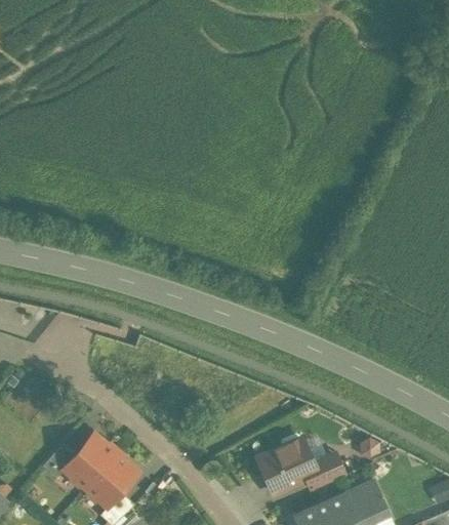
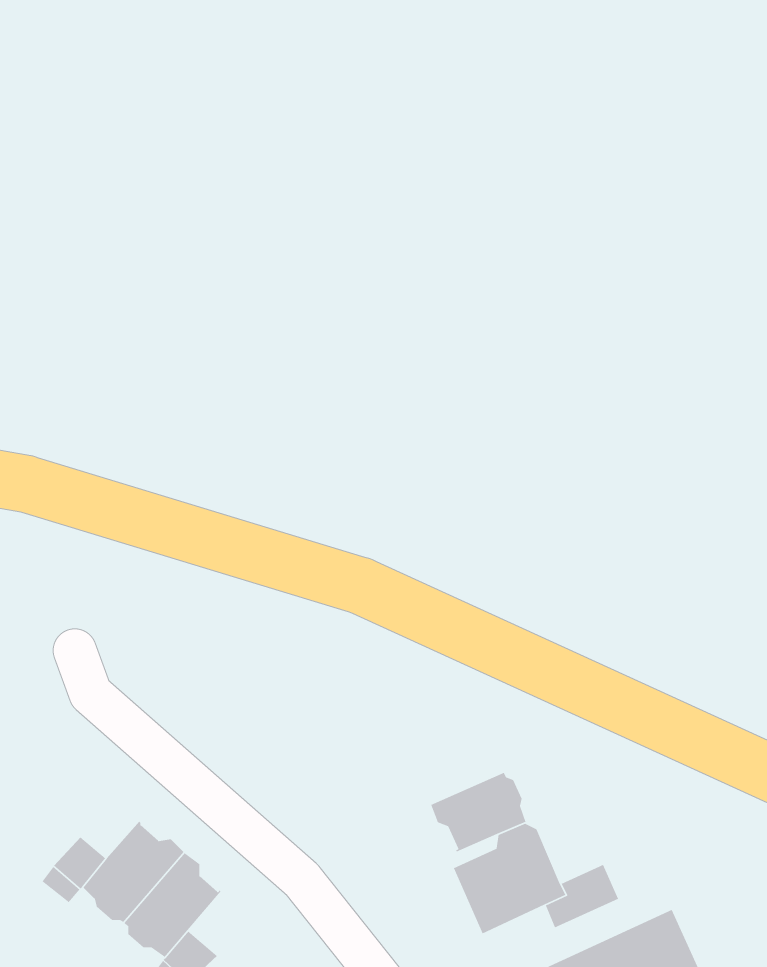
building: none -> [430,772,526,852]

